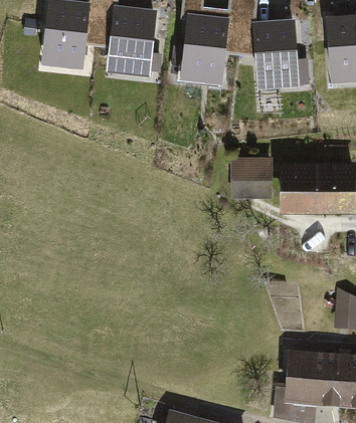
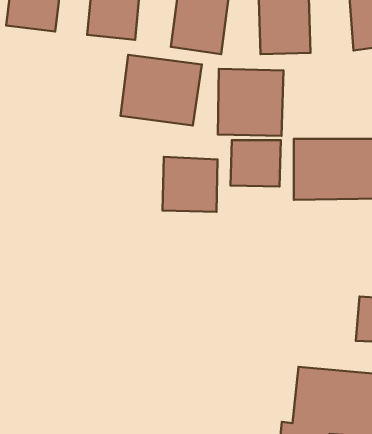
building: none -> [121,55,202,125]
building: none -> [218,69,283,136]
building: none -> [163,157,218,212]

